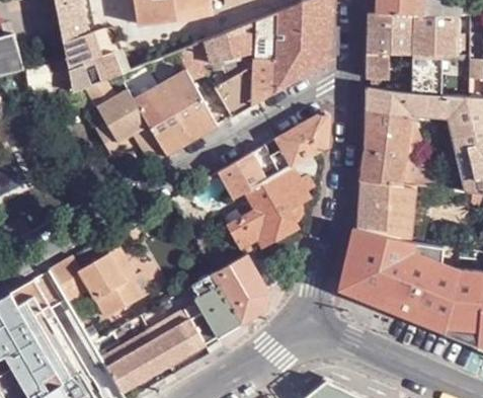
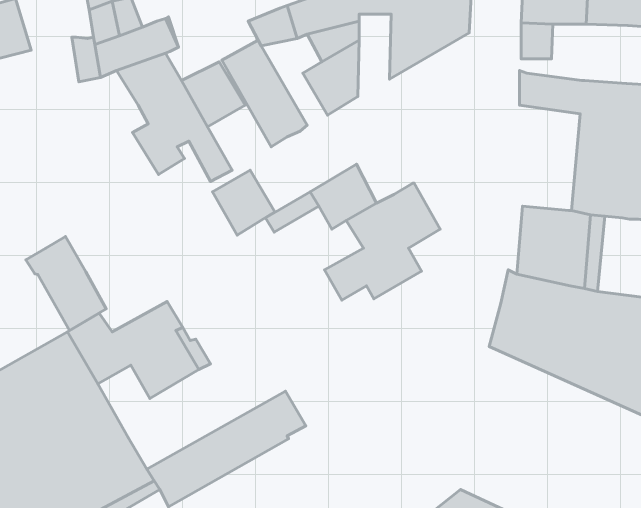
building: [252,48,275,105] -> none
building: [411,55,441,96] -> none
building: [269,108,328,174] -> none
building: [147,111,190,157] -> [213,170,275,235]
building: [359,111,408,185] -> none
building: none -> [26,237,106,331]
building: [188,255,270,337] -> none

